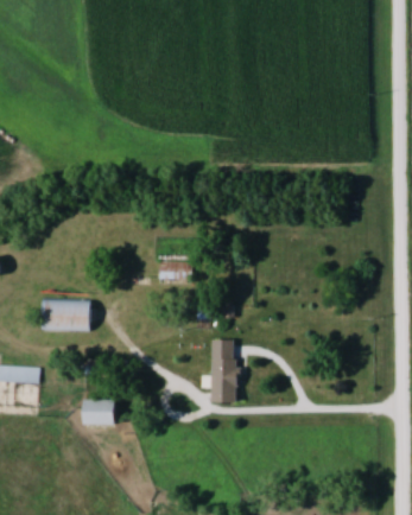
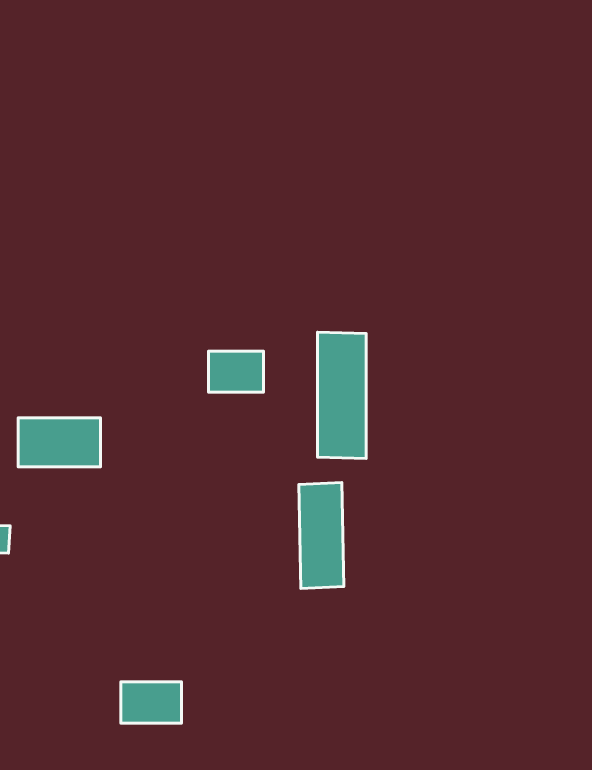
building: none -> [317,332,366,458]
building: [83,400,120,425] -> [121,682,182,723]

